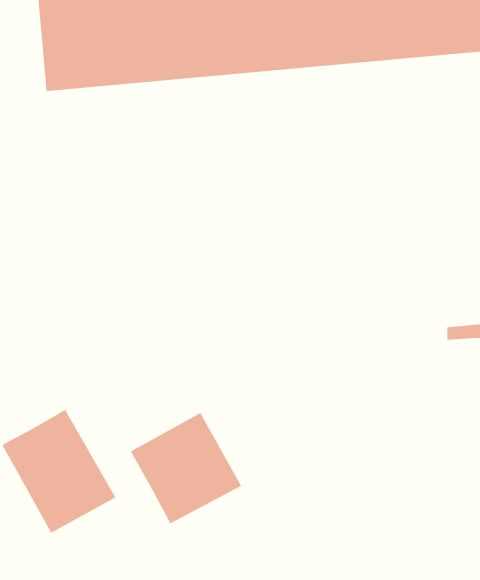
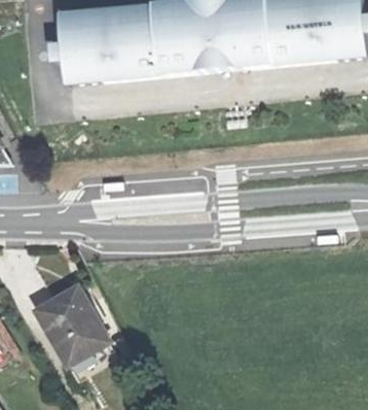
building: [130,412,242,524] -> none

